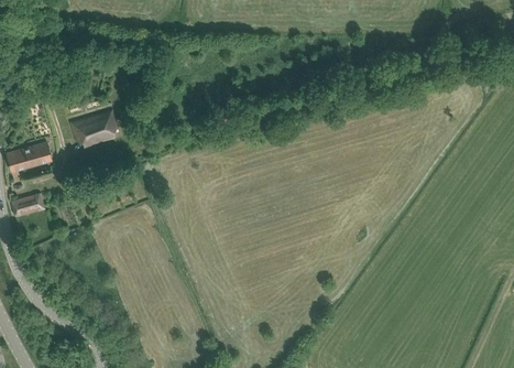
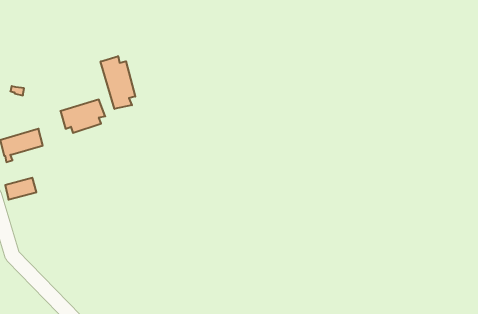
building: none -> [101,56,135,109]

